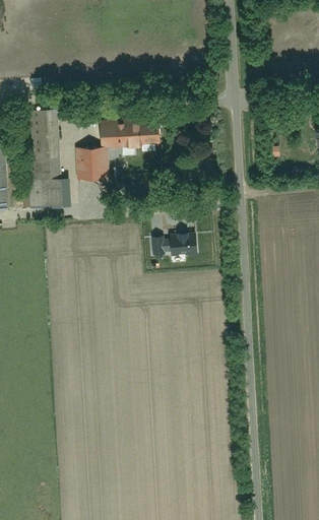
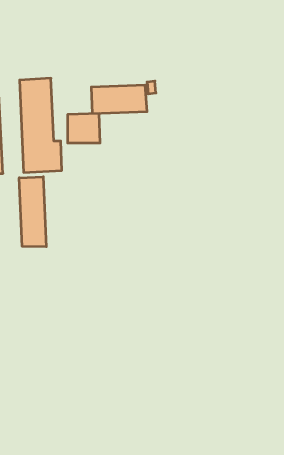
building: none -> [19,177,46,247]
building: [164,232,197,254] -> none

